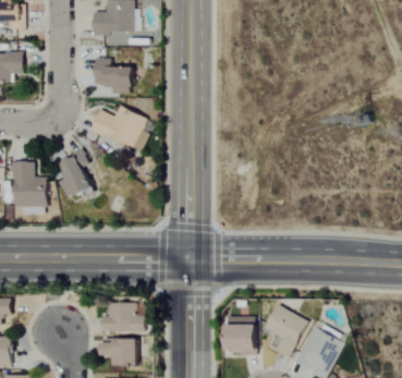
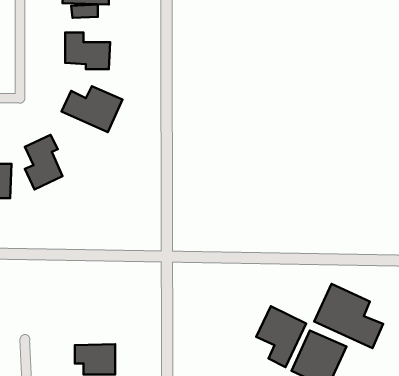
building: none -> [314,284,383,348]
building: [102,302,144,332] -> none
building: [227,316,257,354] -> none

